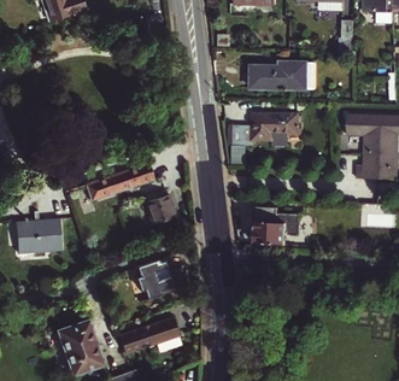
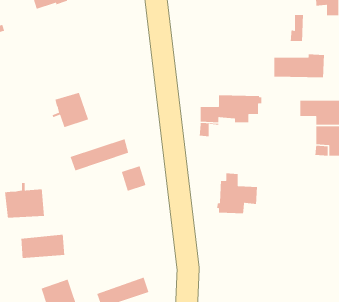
building: [252,64,310,92] -> [273,54,325,78]
building: none -> [51,92,89,128]
building: [134,258,188,298] -> none
building: none -> [20,234,65,259]

